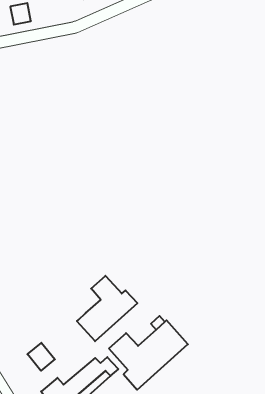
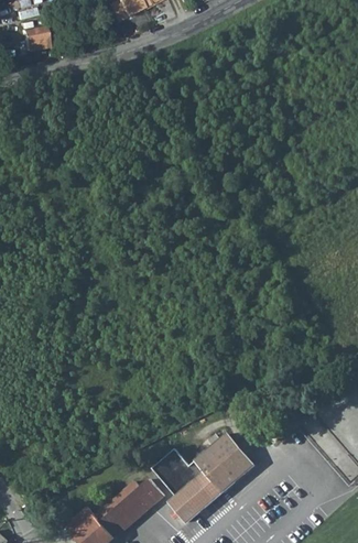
building: [77,276,137,341] -> none
building: [27,343,55,371] -> none

